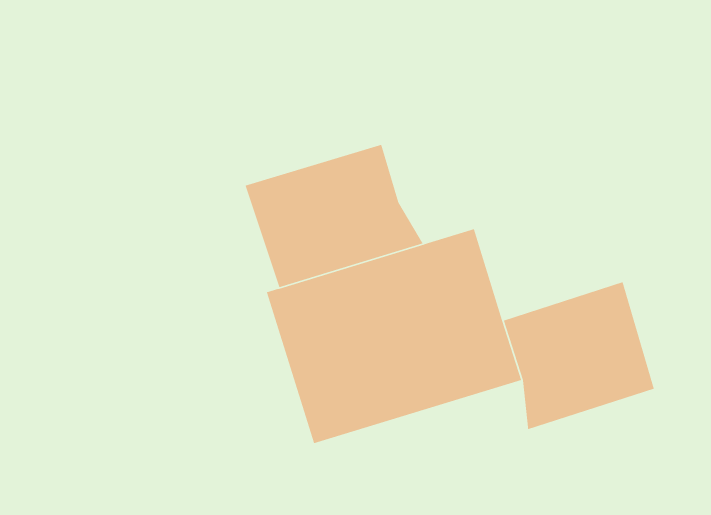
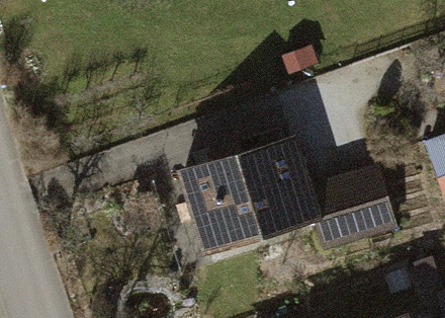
building: [244,144,424,288] -> none

